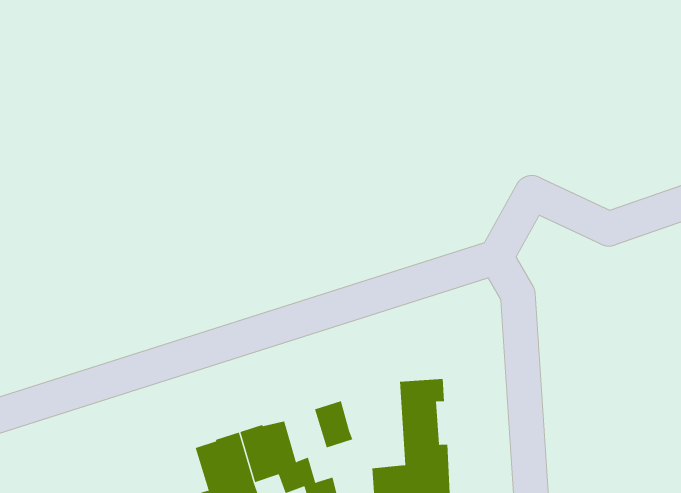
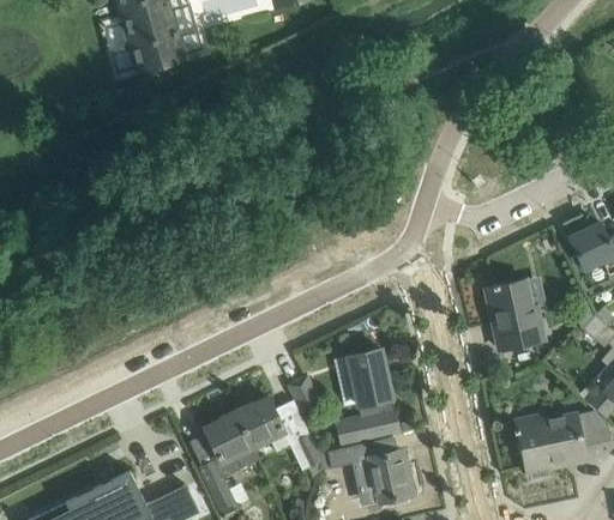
building: none -> [486,280,543,350]

